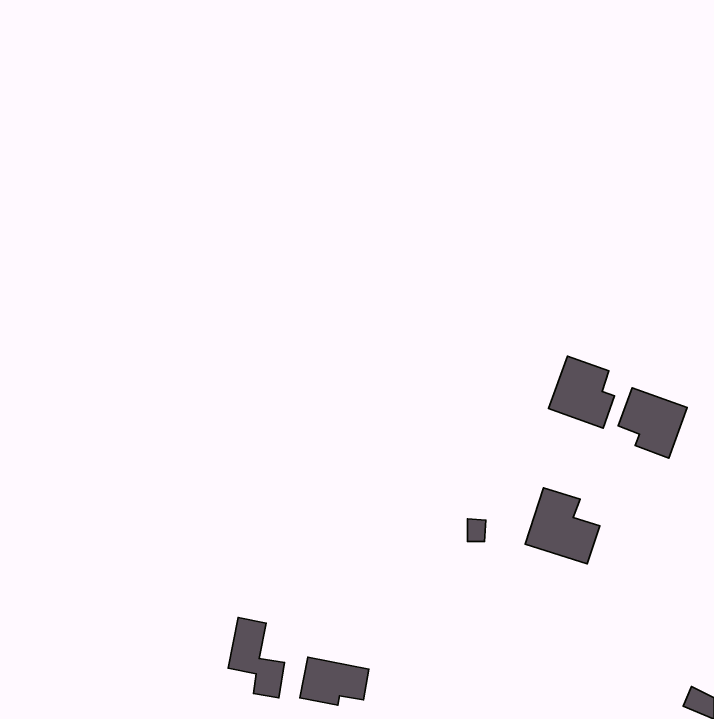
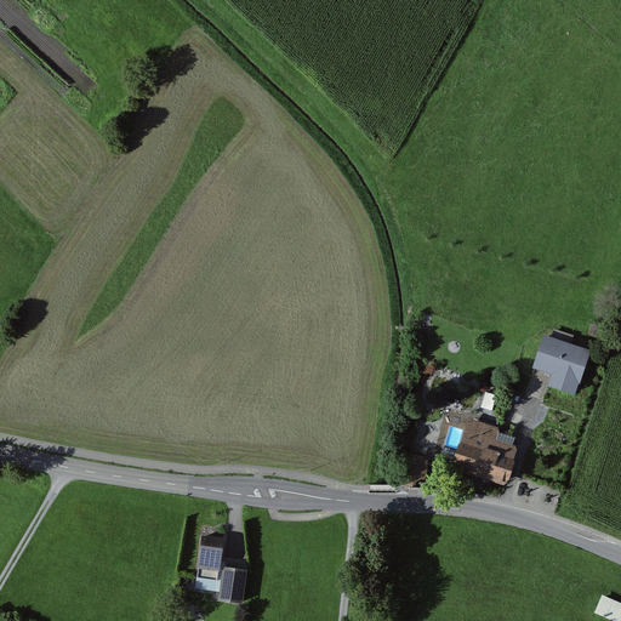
building: [548,356,614,428] -> none
building: [300,657,369,705] -> none

